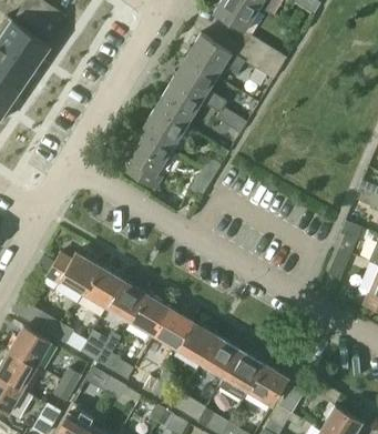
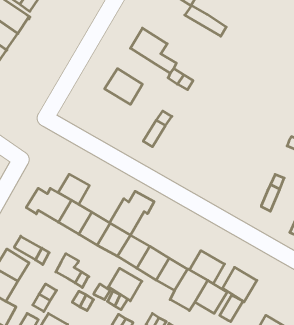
building: [186,36,280,81] -> none
building: [156,84,202,128] -> none
building: [125,133,172,192] -> none
building: none -> [58,174,89,205]
building: none -> [109,191,154,235]
building: none -> [190,251,225,283]
building: none -> [222,267,257,302]
building: none -> [108,268,142,301]

